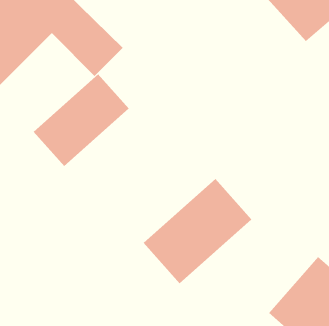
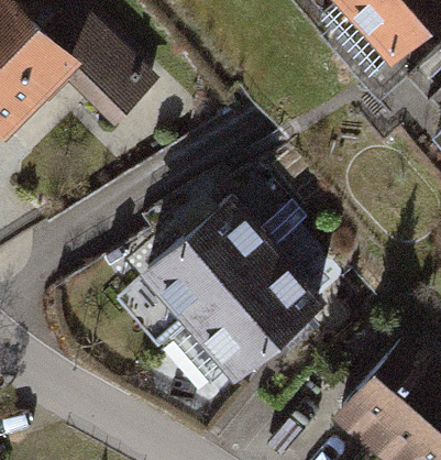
building: [33,74,129,167] -> none
building: none -> [137,197,275,330]

